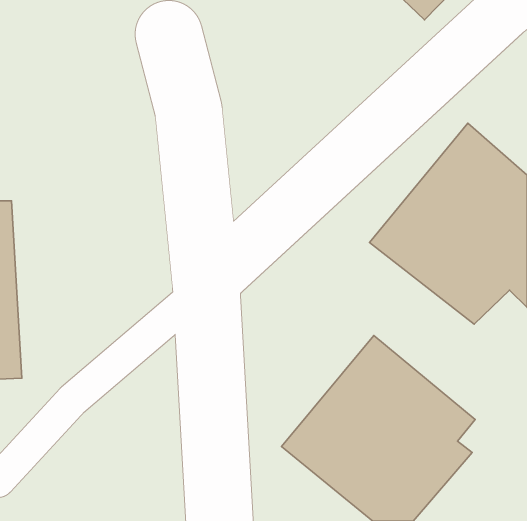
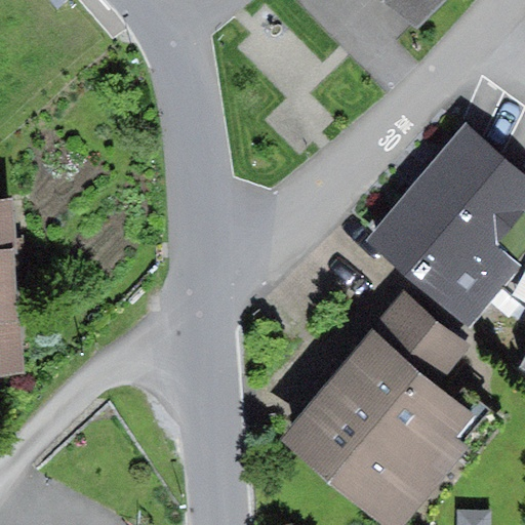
building: none -> [370,290,471,387]

